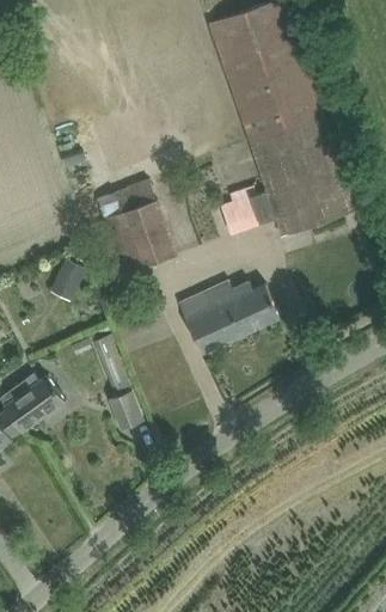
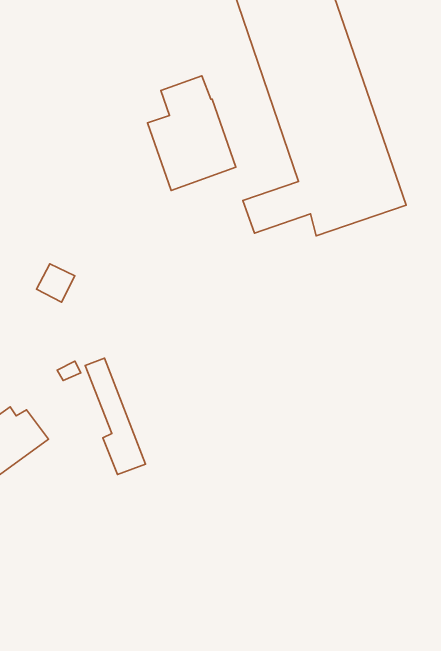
building: [103,180,174,274] -> [148,76,236,191]
building: [178,281,280,353] -> none

